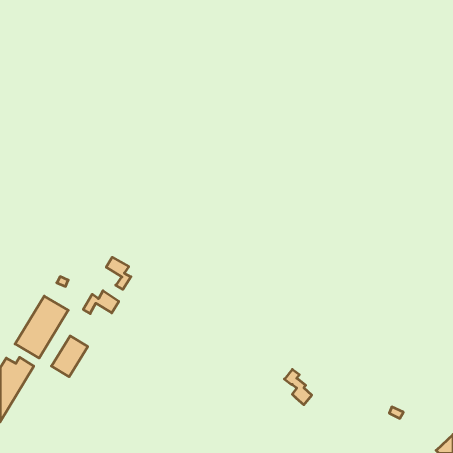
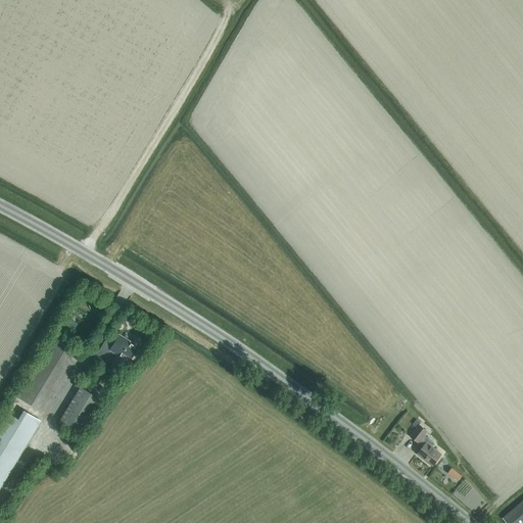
building: [106,257,131,289] -> none
building: [284,369,312,405] -> [409,425,440,466]

